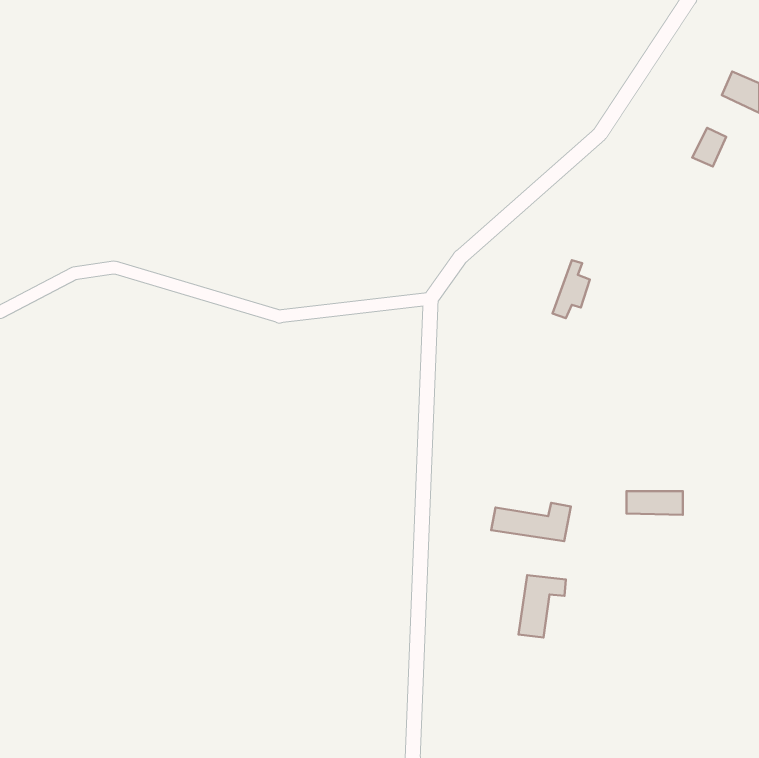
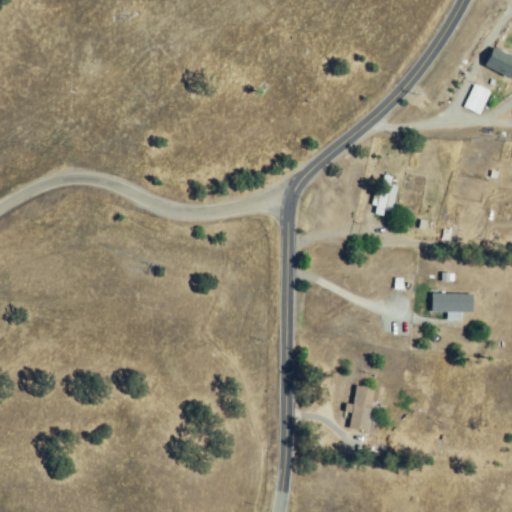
building: [626,491,683,515] -> [434,295,472,311]
building: [491,503,571,541] -> none

